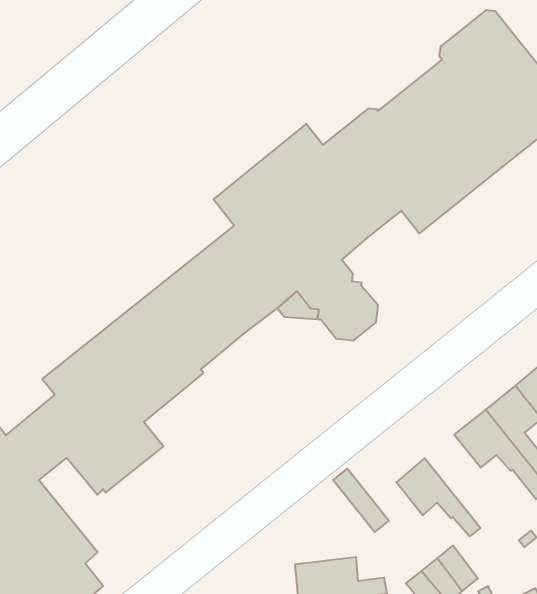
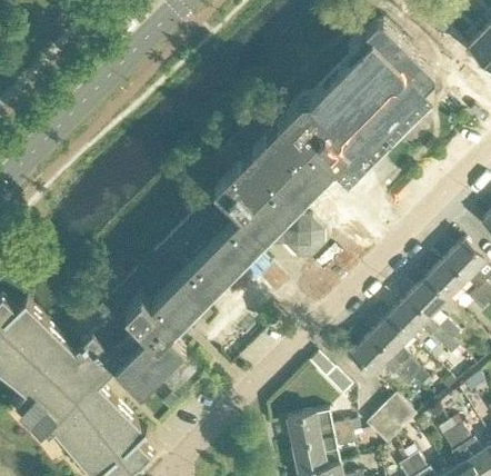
building: none -> [370,319,429,389]

